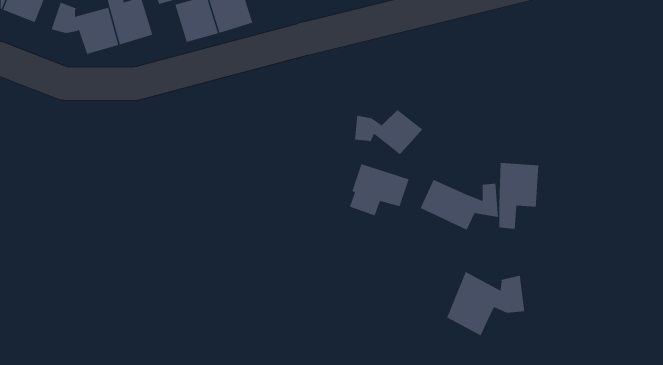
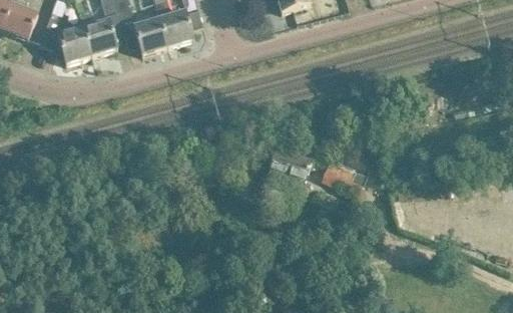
building: [355,109,423,155] -> none
building: [499,162,539,230] -> none
building: [446,271,525,336] -> none

